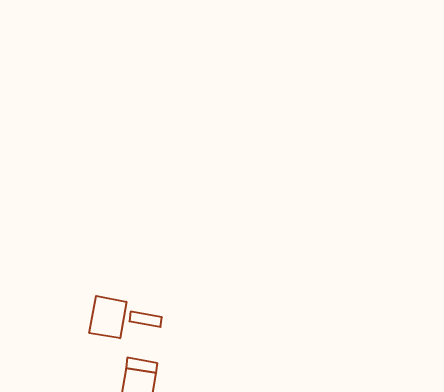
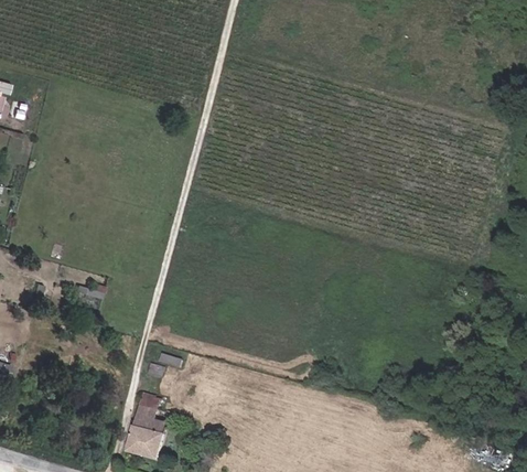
building: [89,296,126,338] -> none

